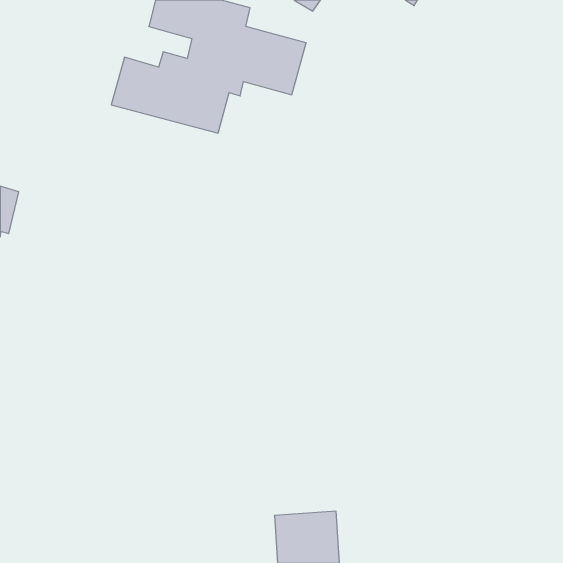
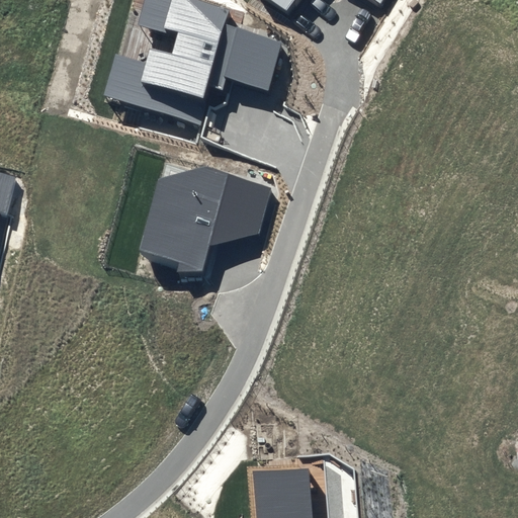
building: none -> [139,168,274,276]

